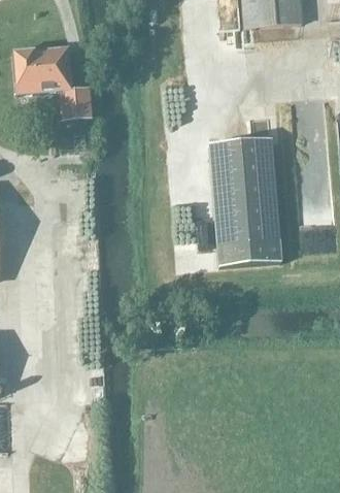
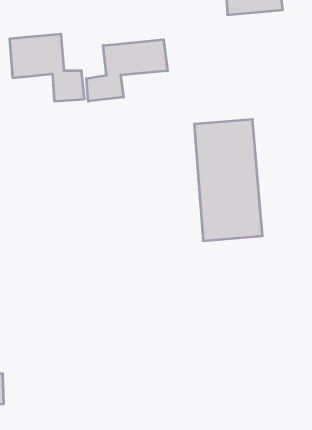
building: none -> [86,40,168,101]

